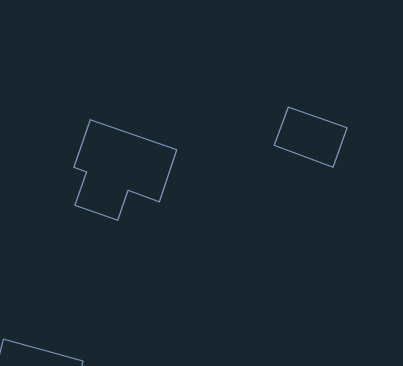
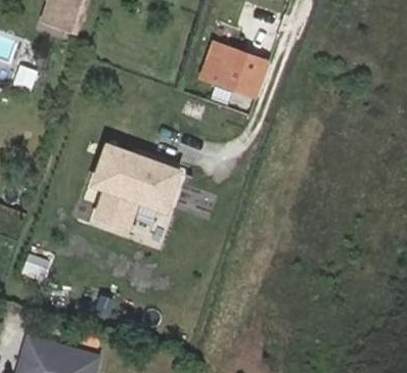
building: [274,107,347,167] -> [202,44,267,97]

